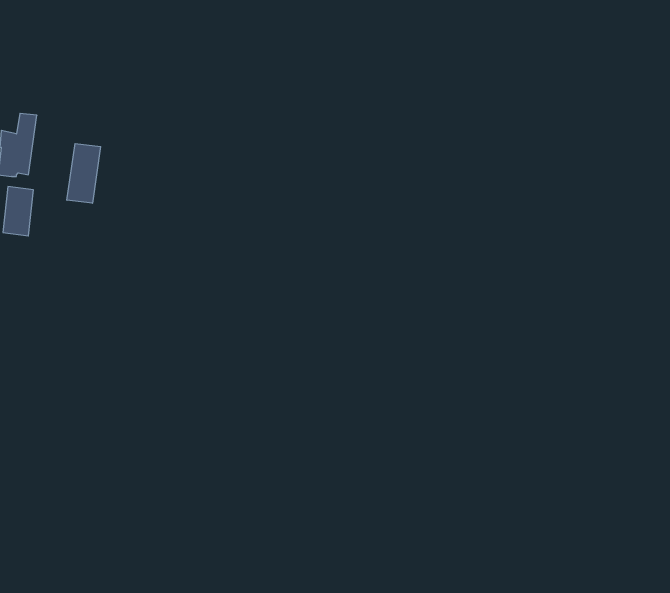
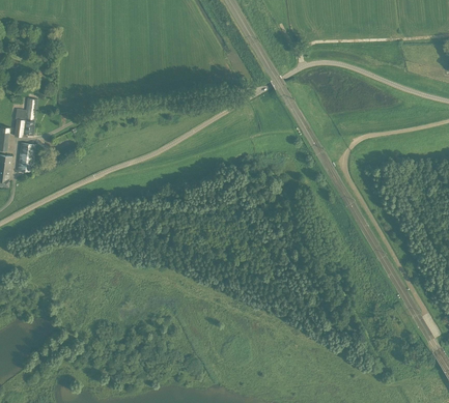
building: [67,144,101,203] -> none

